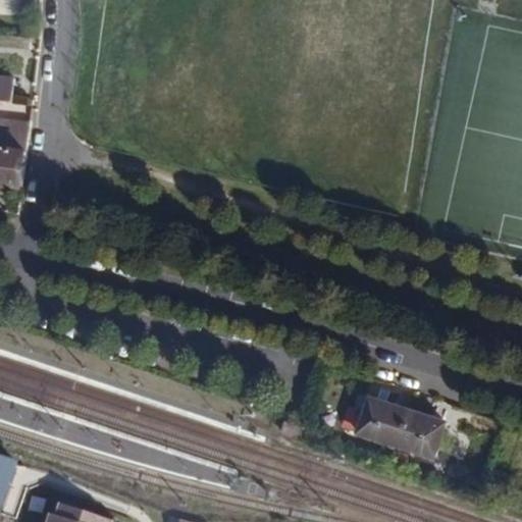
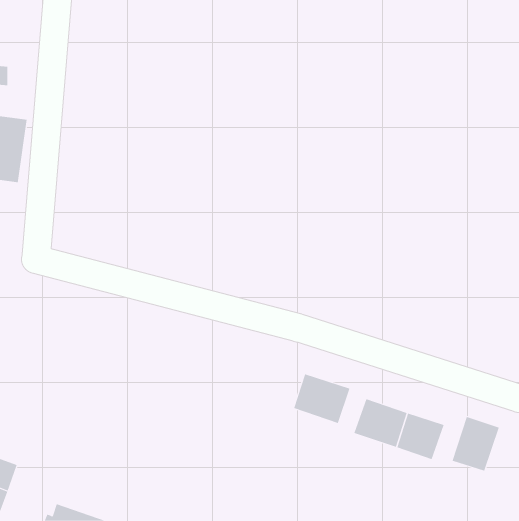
building: none -> [293,373,350,424]
building: none -> [452,416,499,471]

